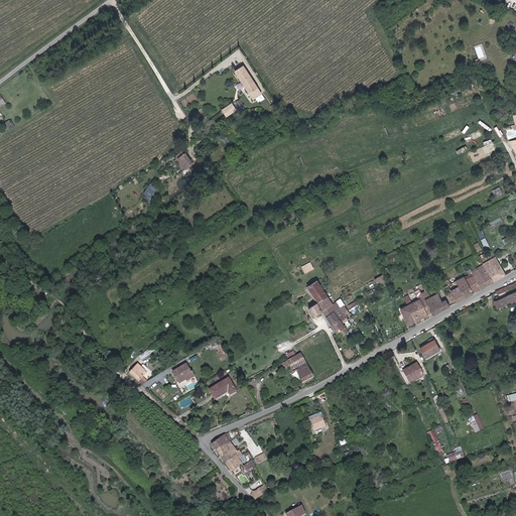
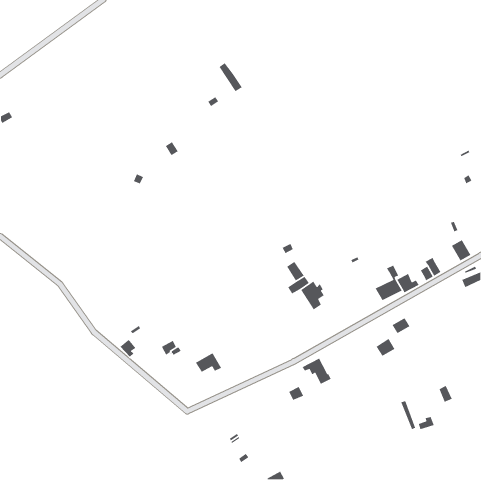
building: [466,263,493,291] -> none
building: [281,352,313,381] -> [302,357,332,385]
building: [212,433,249,470] -> none

